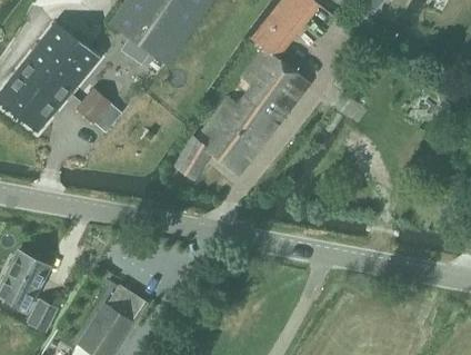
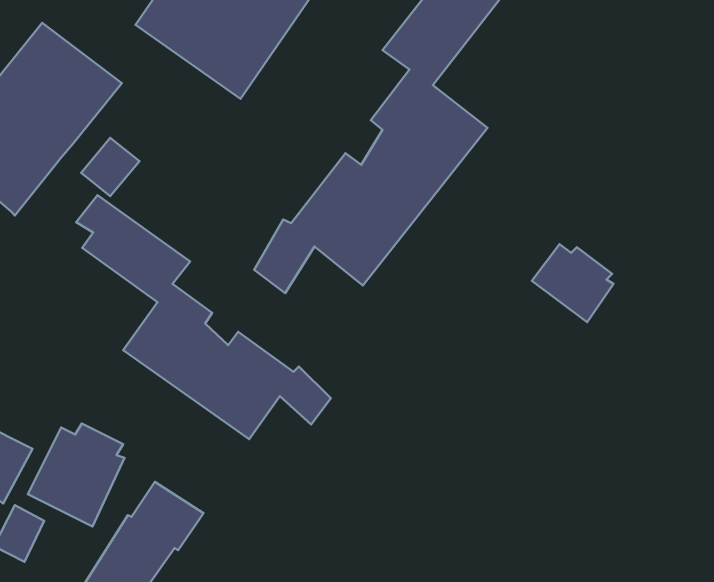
building: none -> [76,195,331,439]
building: none -> [532,244,613,322]
building: none -> [28,423,124,526]

